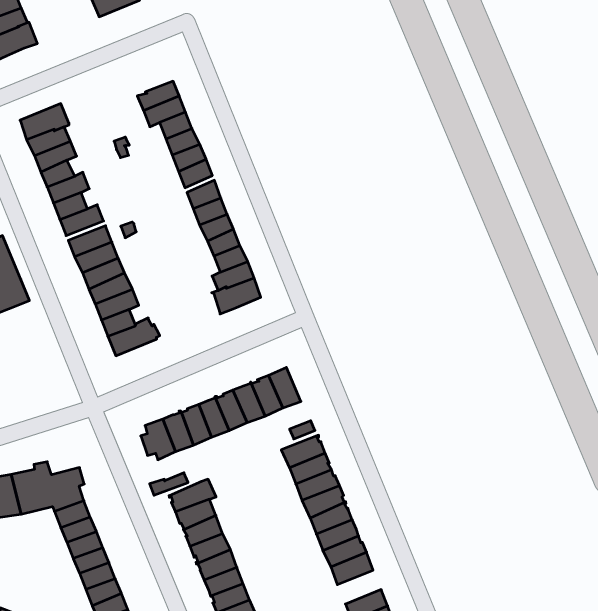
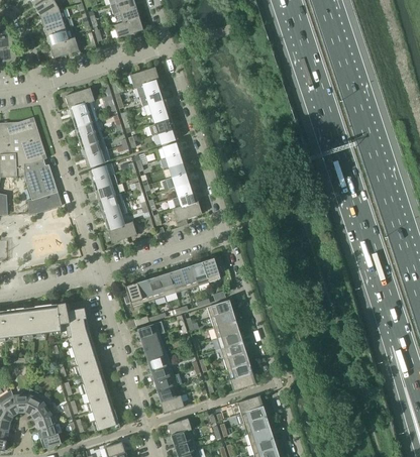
building: none -> [129,67,159,88]

